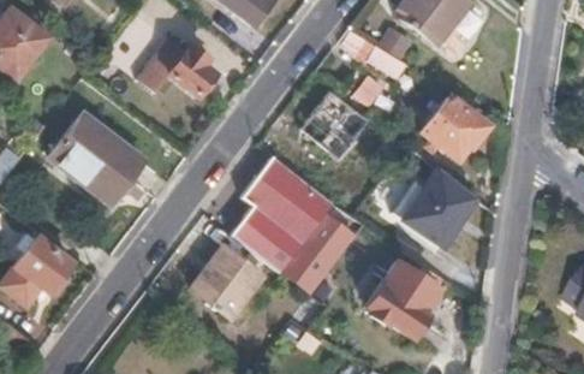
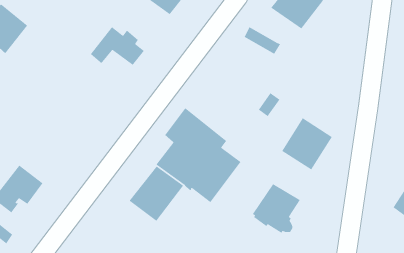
building: [299,94,367,161] -> none
building: [421,100,483,161] -> none
building: [47,115,142,204] -> none

